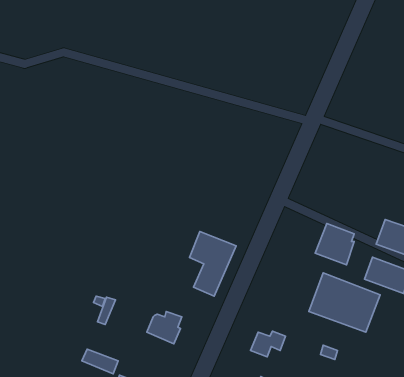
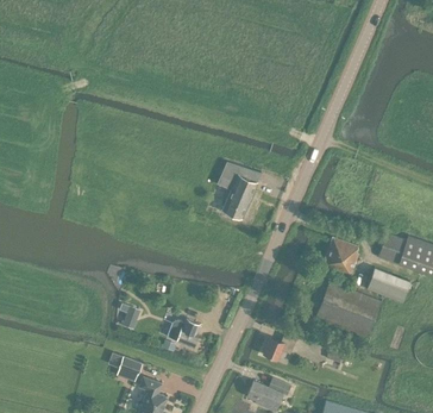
building: [190,231,236,296] -> [218,159,261,219]

